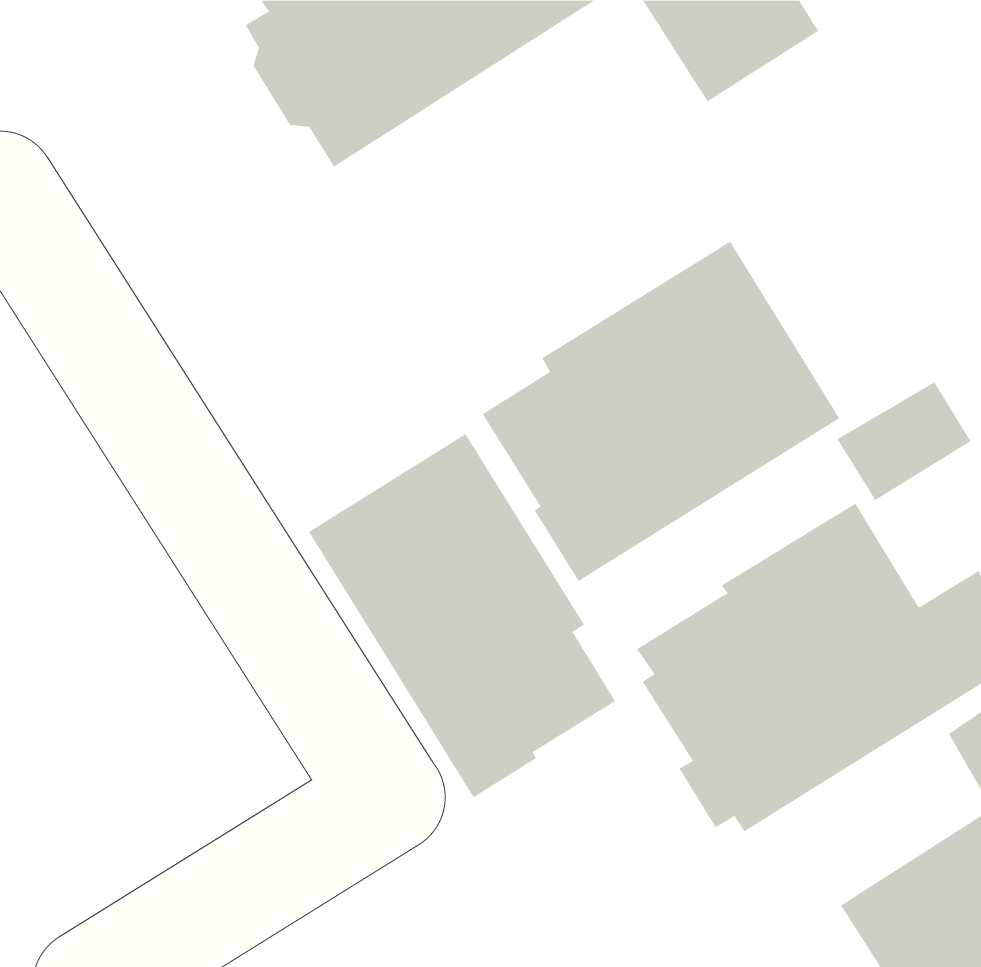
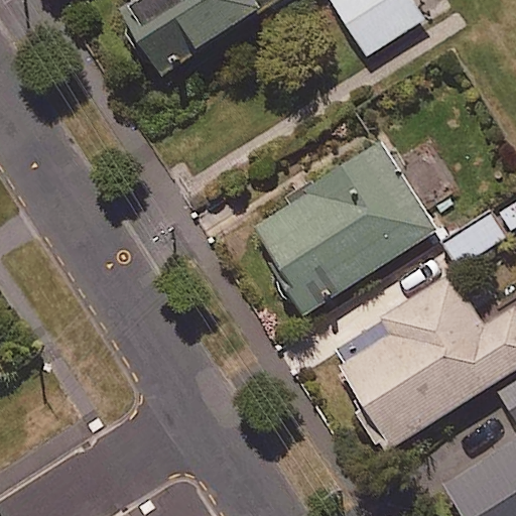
building: [308,433,616,798] -> none

